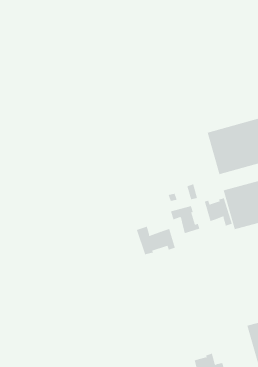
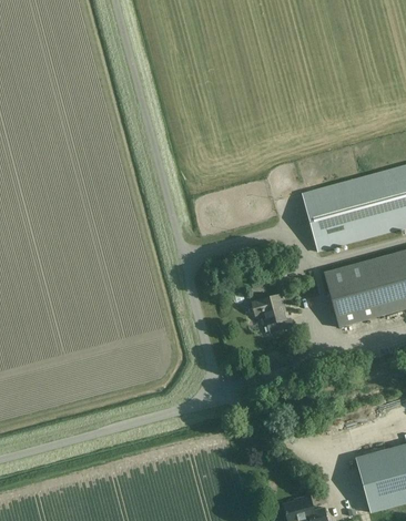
building: [204,198,233,227] -> none
building: [136,226,176,255] -> none

